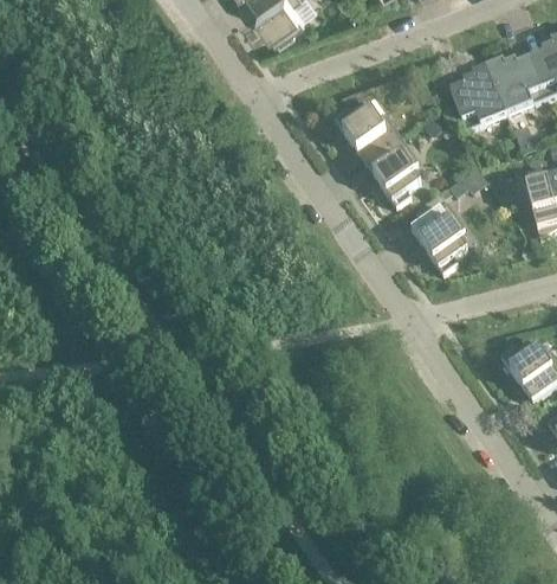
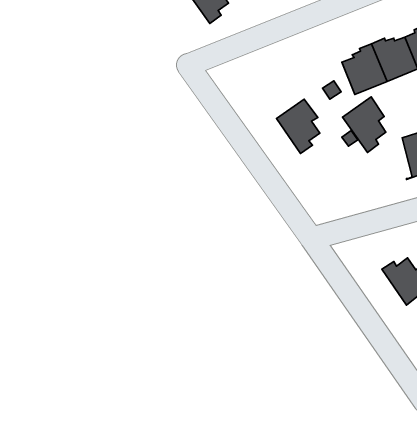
building: [333,101,400,160] -> none
building: [410,200,466,271] -> [343,97,386,152]

